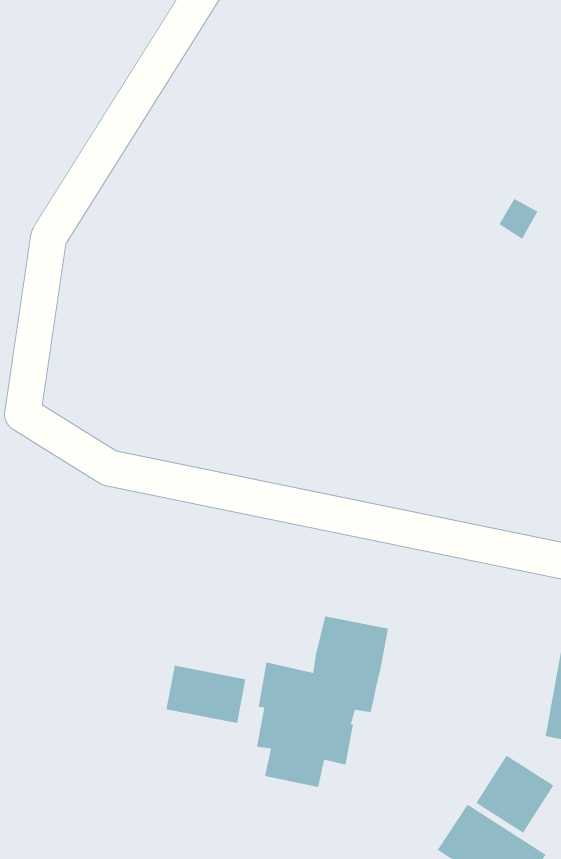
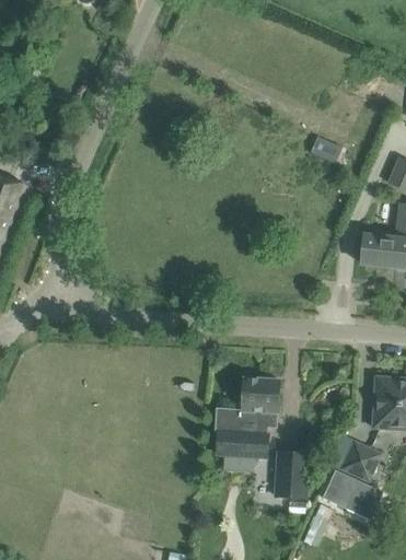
building: [166,665,246,724] -> none
building: none -> [275,454,309,499]

